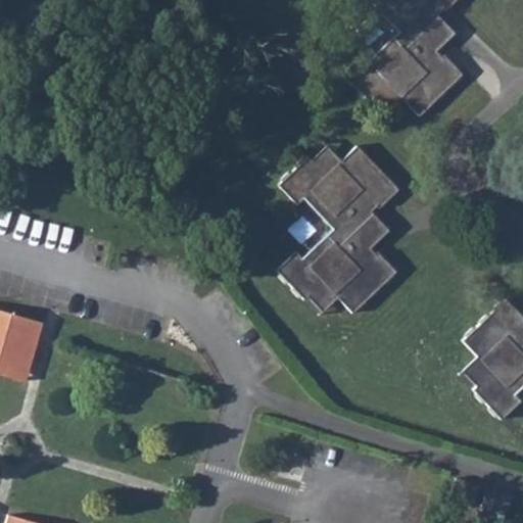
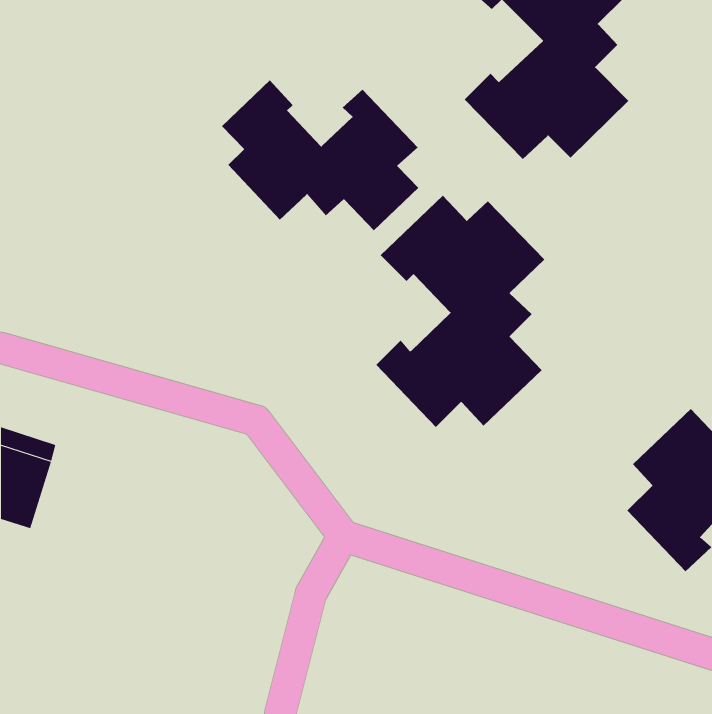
building: none -> [221,80,419,231]

